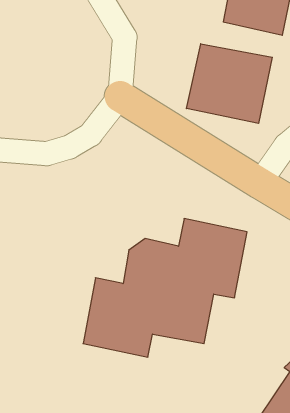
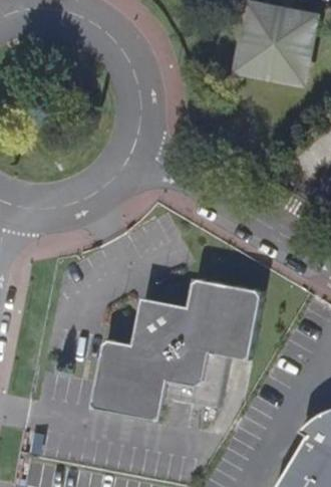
building: [186,44,272,123] -> none

